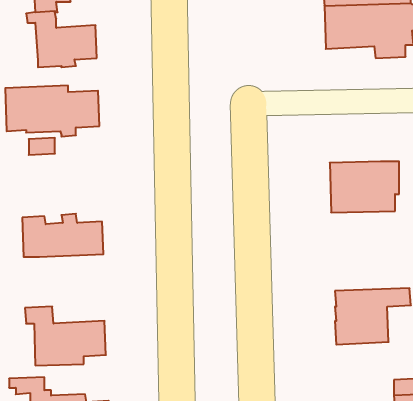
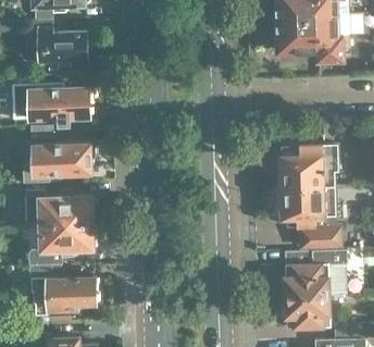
building: none -> [23,141,90,182]
building: none -> [282,186,341,248]
building: none -> [27,222,94,267]
building: none -> [286,295,331,329]

